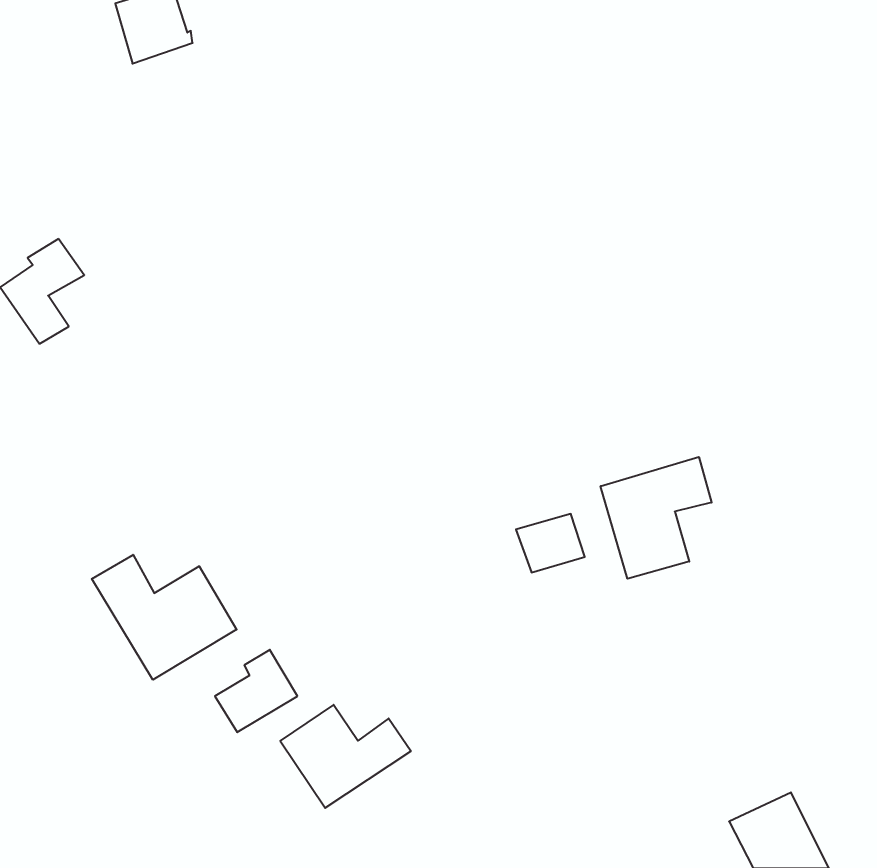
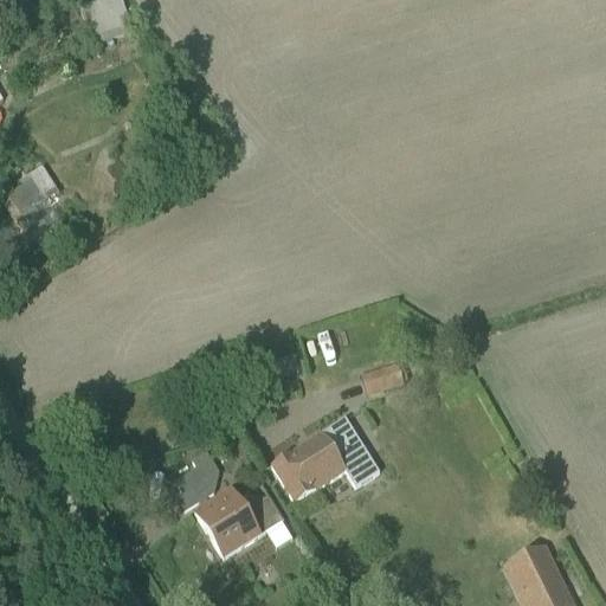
building: [601,457,712,579] -> none
building: [92,555,237,680] -> none
building: none -> [271,415,379,502]

